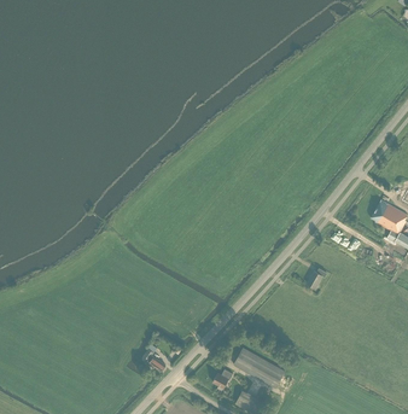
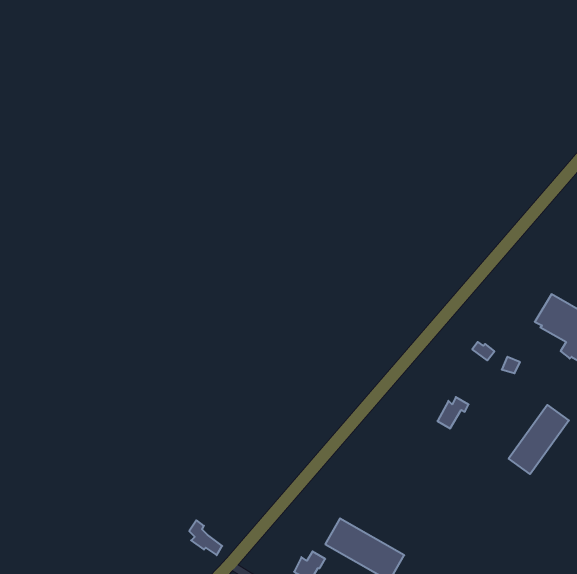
building: none -> [509,405,569,474]

